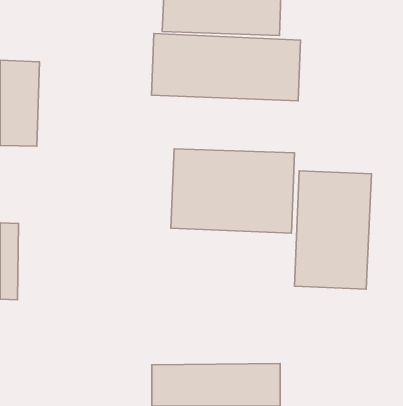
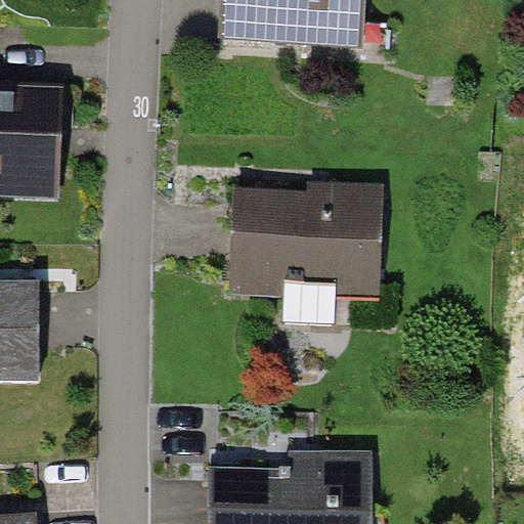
building: [152,34,300,101] -> none
building: [294,171,372,289] -> none

